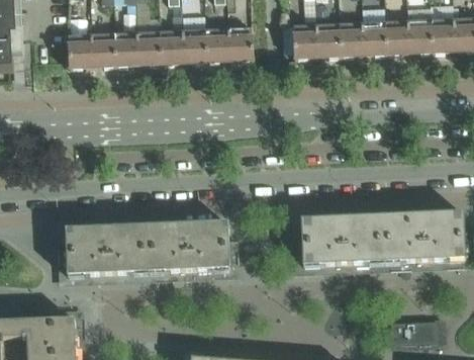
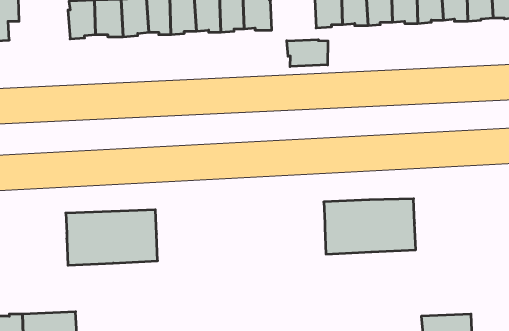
building: none -> [287,40,328,67]
building: [382,210,465,261] -> none
building: [147,220,229,271] -> none

